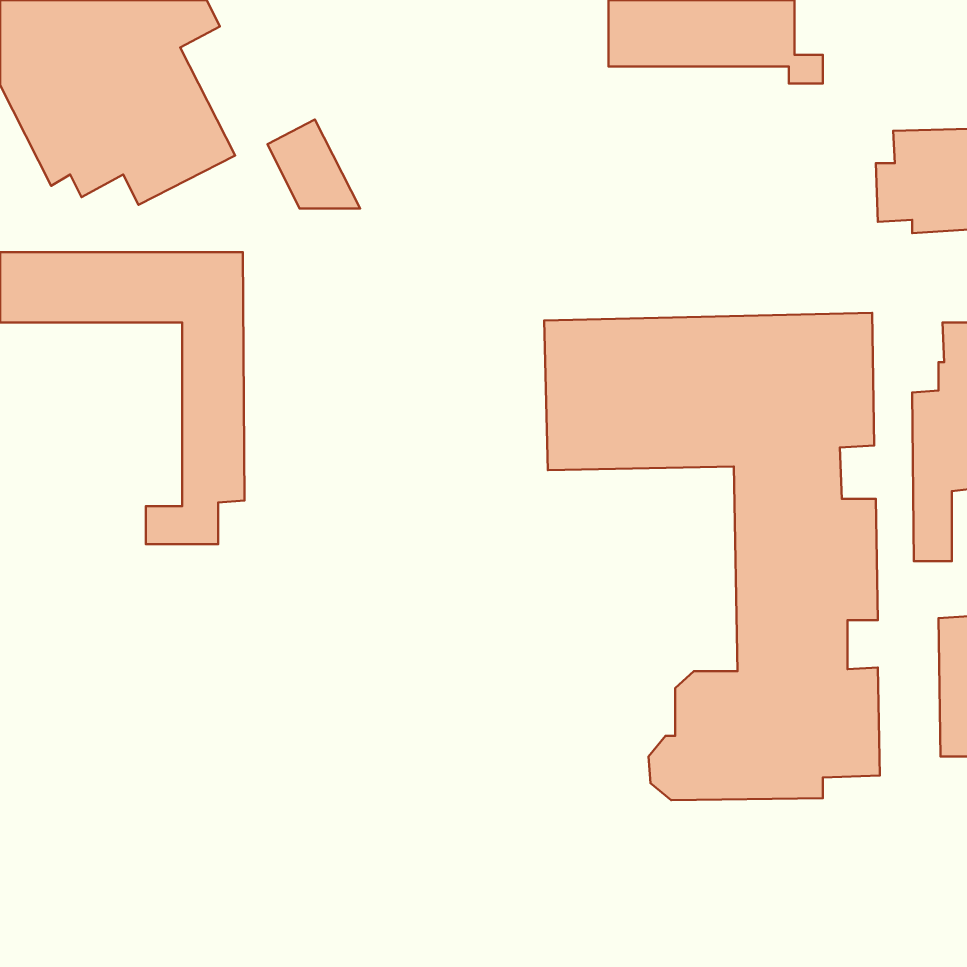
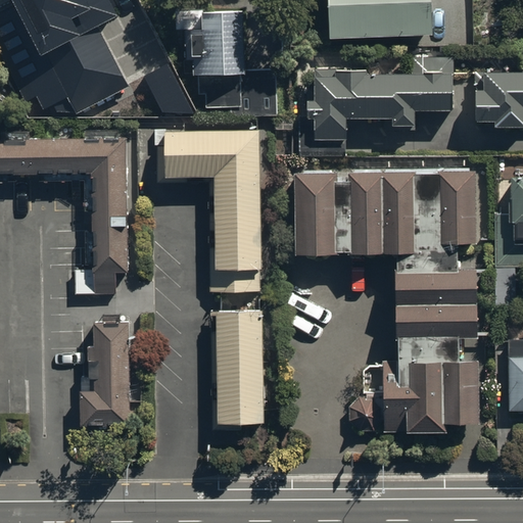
building: none -> [185,10,276,115]
building: none -> [300,57,450,157]
building: none -> [159,131,262,289]
building: none -> [216,311,260,424]
building: none -> [81,321,131,424]

